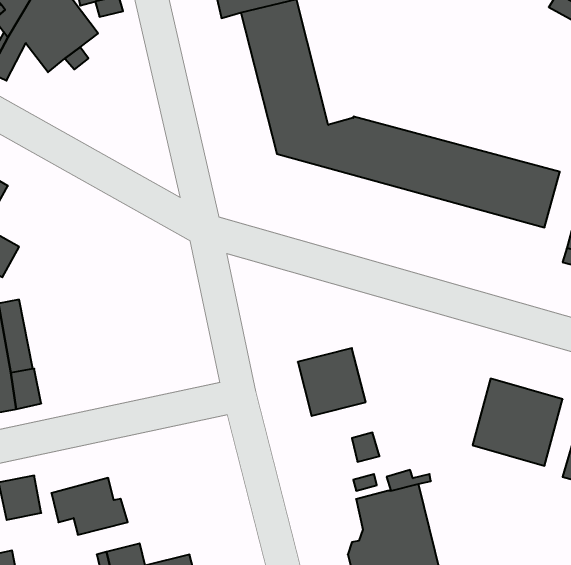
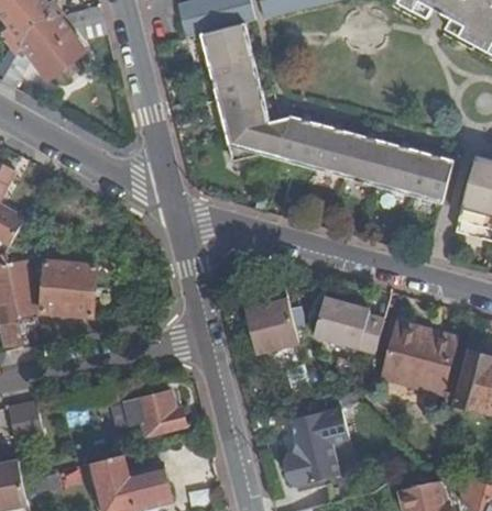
building: none -> [41,260,97,315]
building: none -> [314,298,384,352]
building: [51,478,128,535] -> [125,390,186,435]

